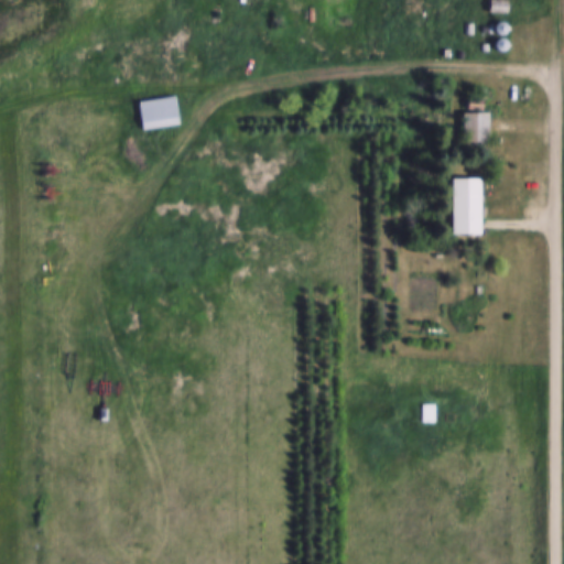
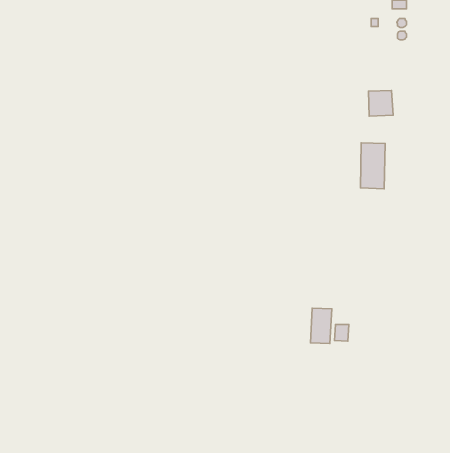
building: [137,95,183,132] -> none
building: none -> [310,308,332,344]

